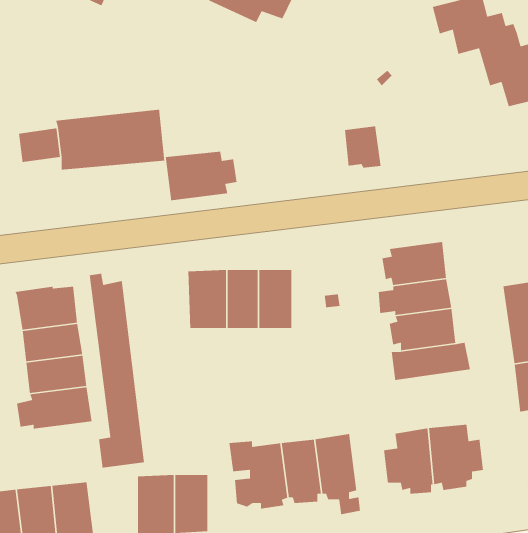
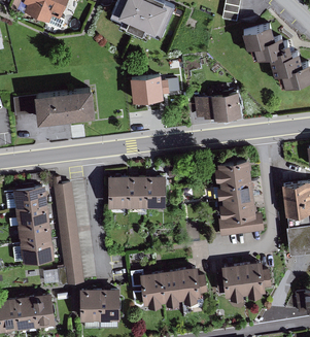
building: none -> [210,87,241,119]
building: [165,151,237,201] -> [129,74,169,102]

